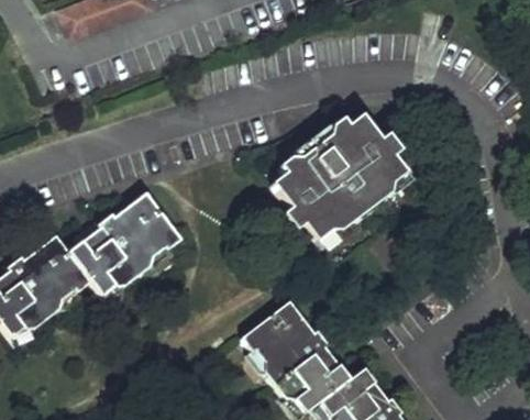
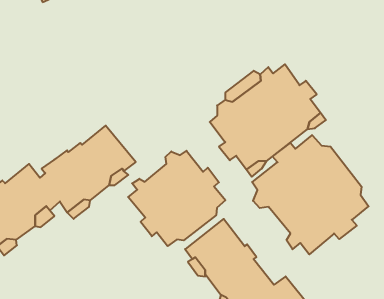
building: none -> [252,135,369,254]
building: none -> [128,151,225,246]

